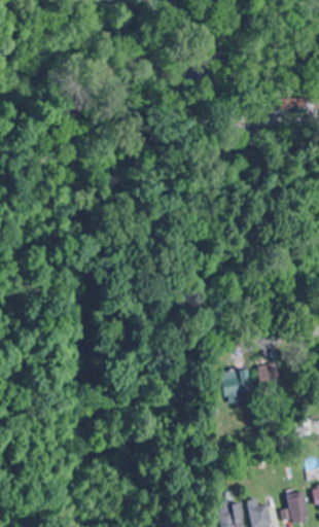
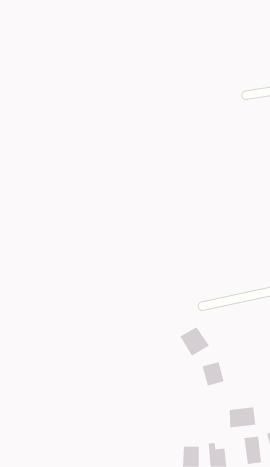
building: [253,360,279,388] -> [202,362,225,386]
building: none -> [229,406,256,428]

